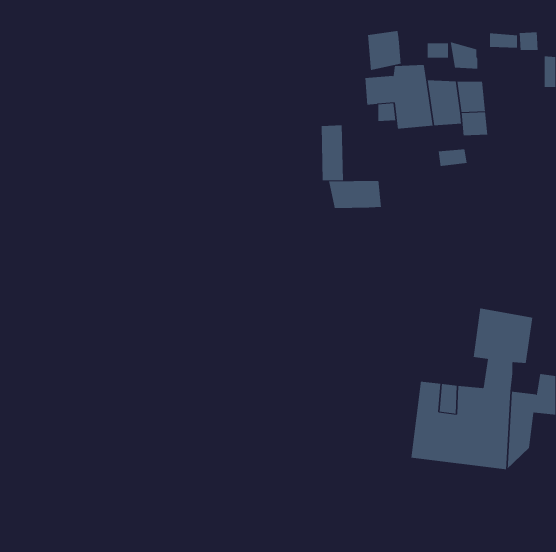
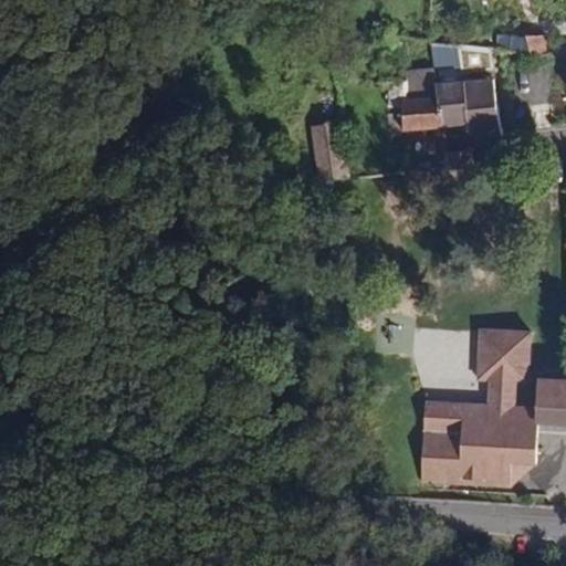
building: [368,30,401,71] -> none
building: [328,180,381,209] -> none

